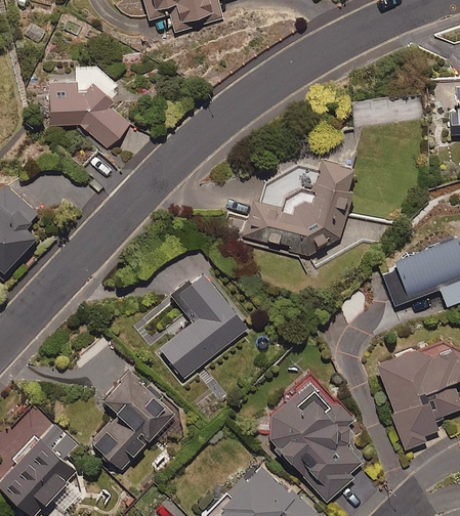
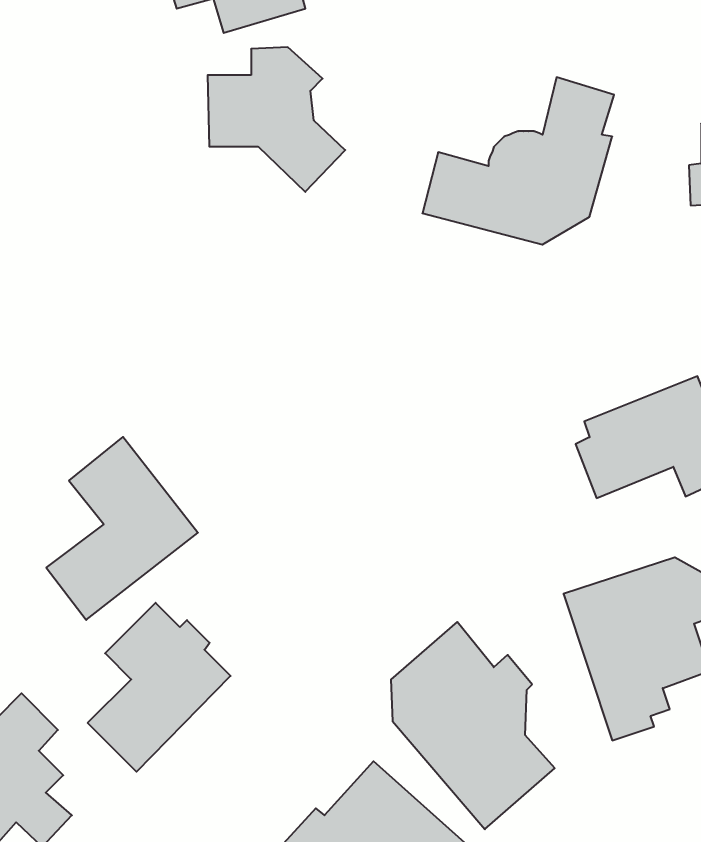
building: [50,64,131,149] -> [208,47,345,192]
building: [239,158,351,256] -> [422,77,614,245]
building: [161,271,250,379] -> [46,437,198,620]

